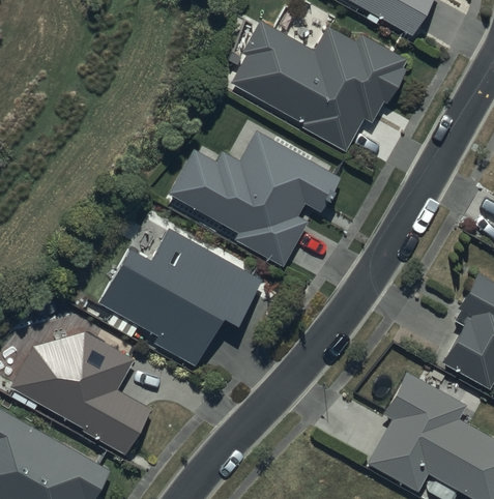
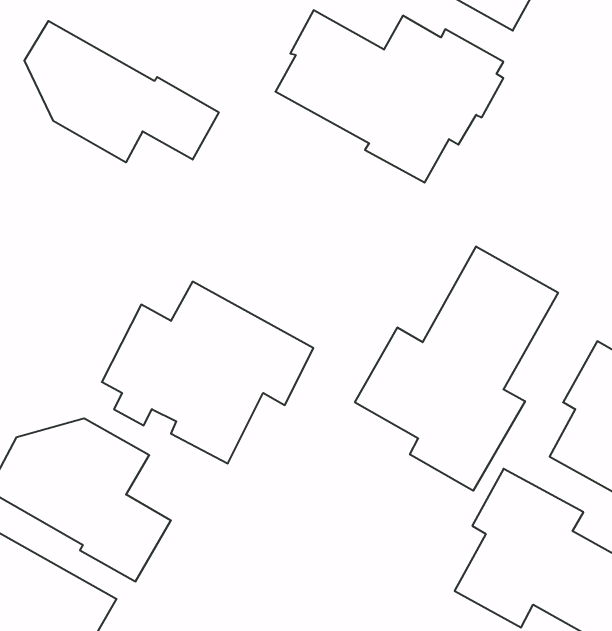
building: none -> [24,21,219,162]
building: [169,129,343,267] -> none
building: none -> [355,246,558,491]

